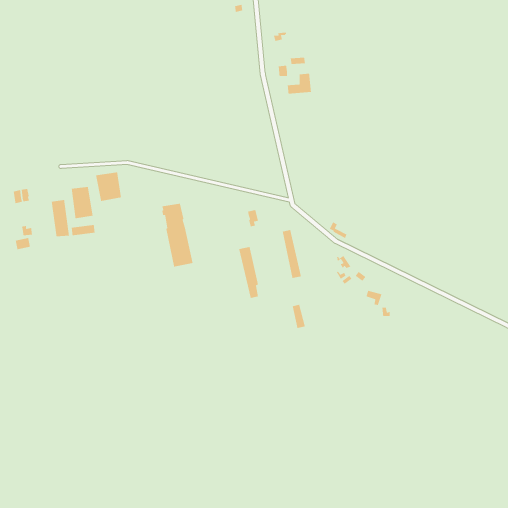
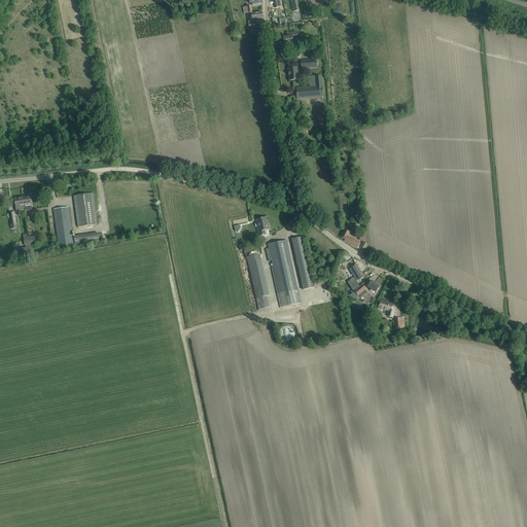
building: [95,171,122,202] -> none
building: [162,203,193,268] -> [267,240,300,307]

